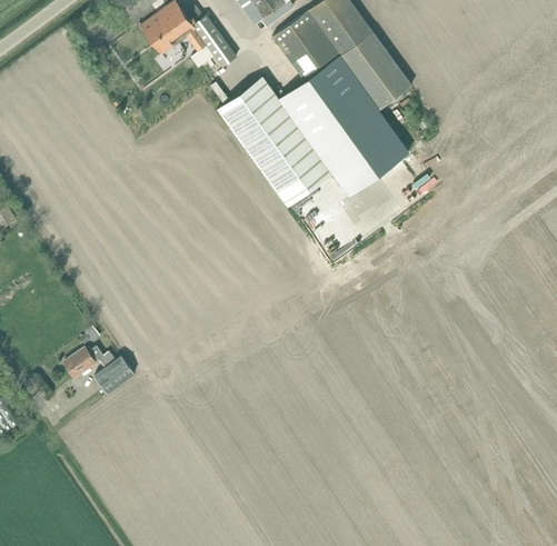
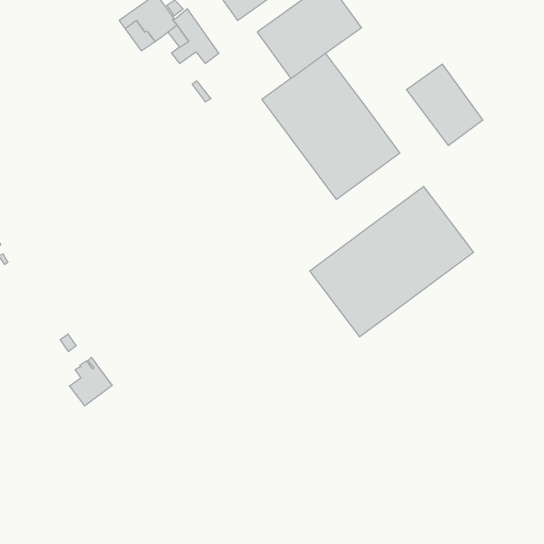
building: [338,32,411,110] -> [406,64,483,145]
building: [218,80,331,207] -> none
building: none -> [310,186,474,337]
building: [62,347,103,379] -> none

